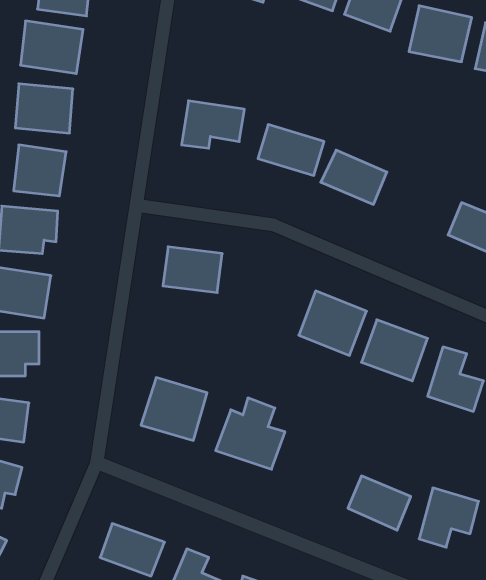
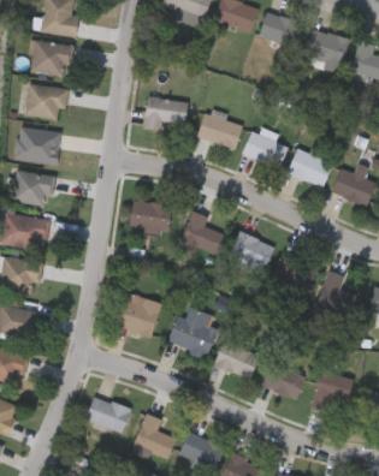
building: none -> [288,148,333,189]
building: none -> [182,210,225,254]
building: none -> [214,340,260,379]

